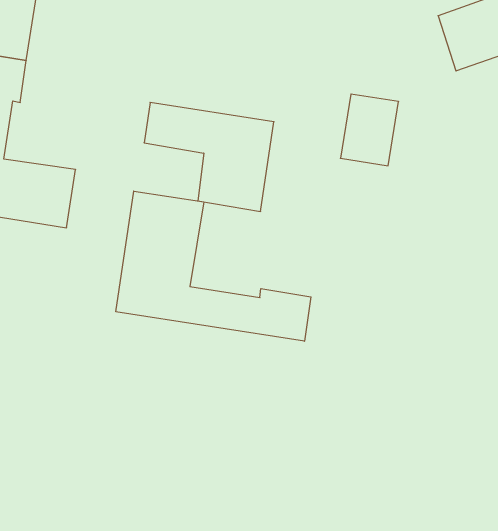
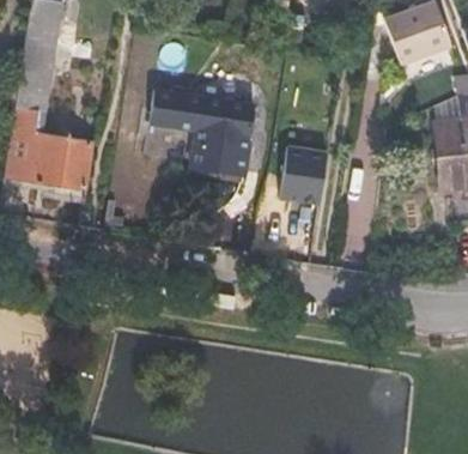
building: [340,94,399,166] -> [279,145,326,202]
building: [116,191,311,341] -> none

